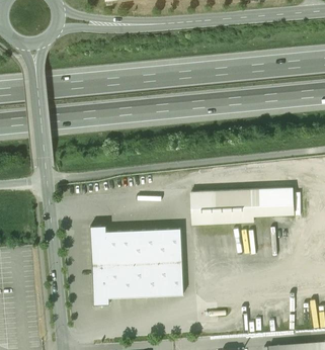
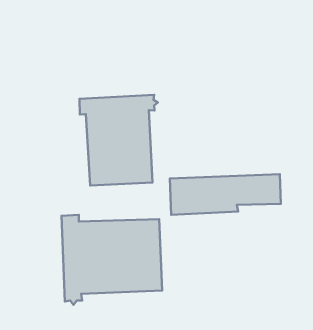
building: none -> [80,95,158,185]

